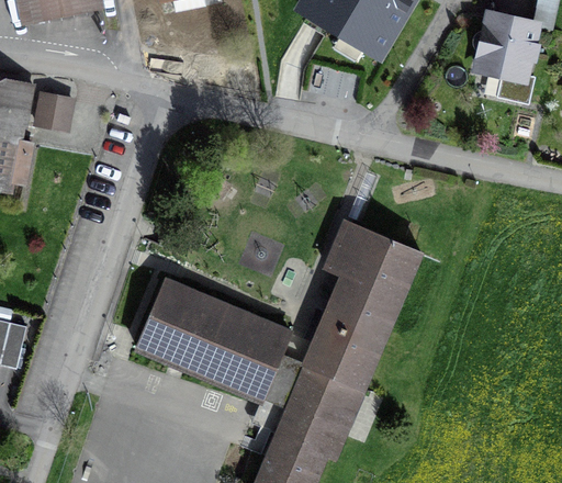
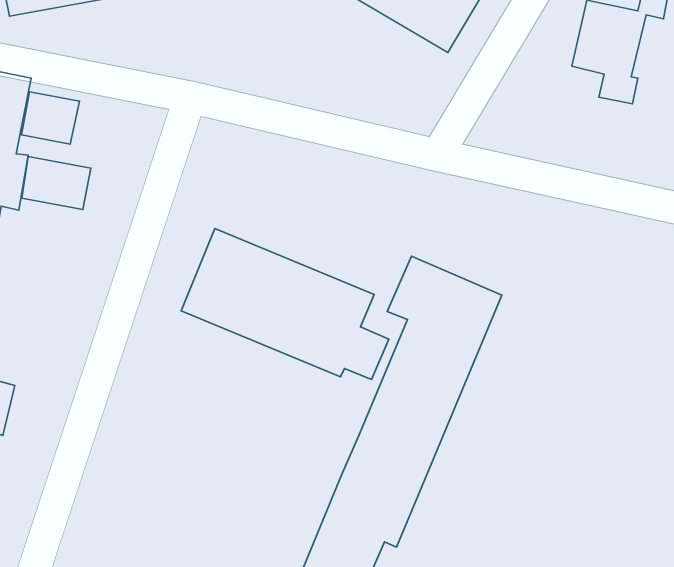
building: none -> [22,156,91,210]
building: [135,278,304,401] -> [181,228,389,379]

